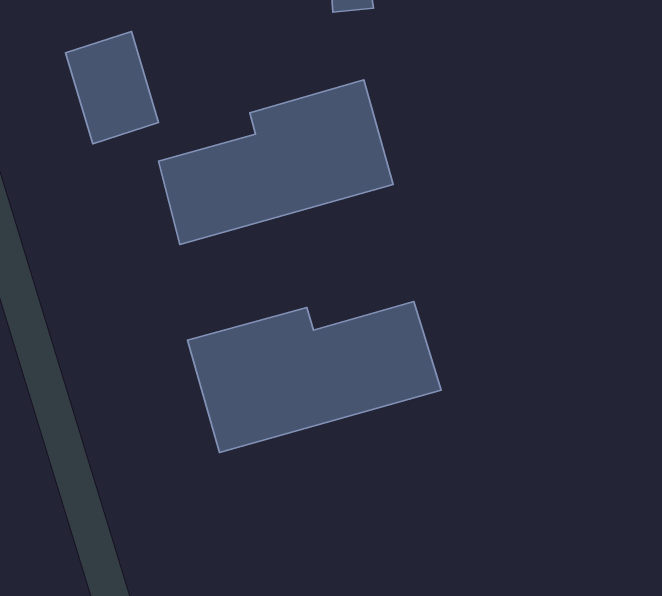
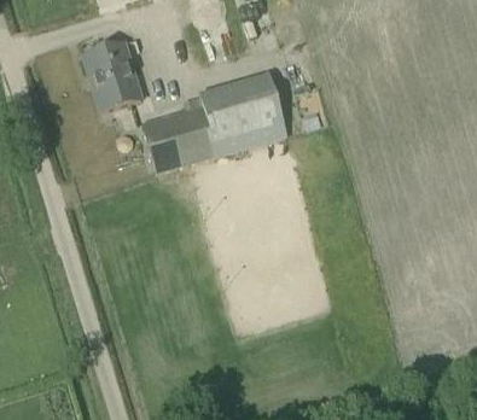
building: [188,302,441,452] -> none

